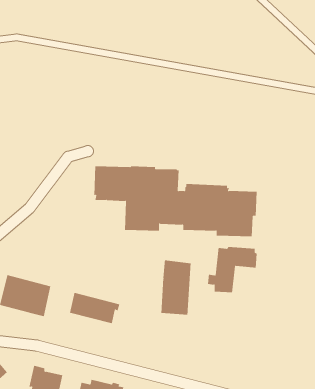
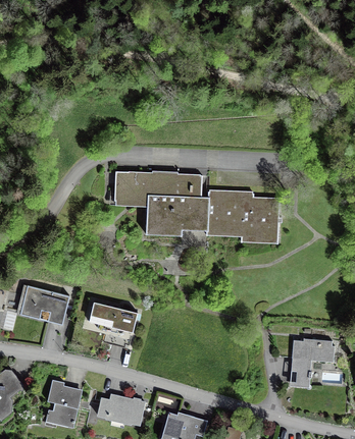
building: [207,247,257,293] -> [283,338,335,386]
building: [161,260,191,316] -> none

